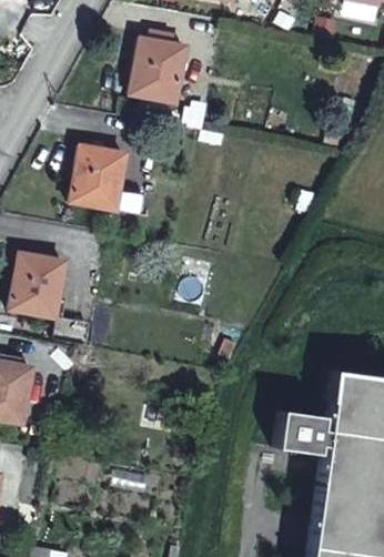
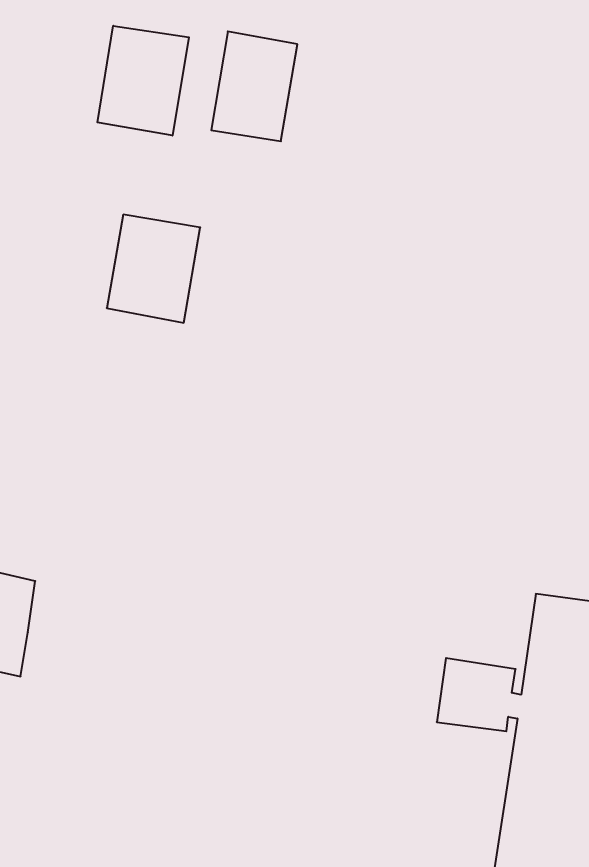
building: none -> [97,26,189,136]
building: [14,249,68,315] -> none

